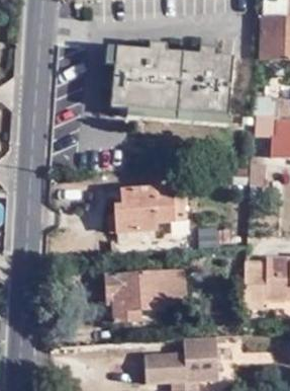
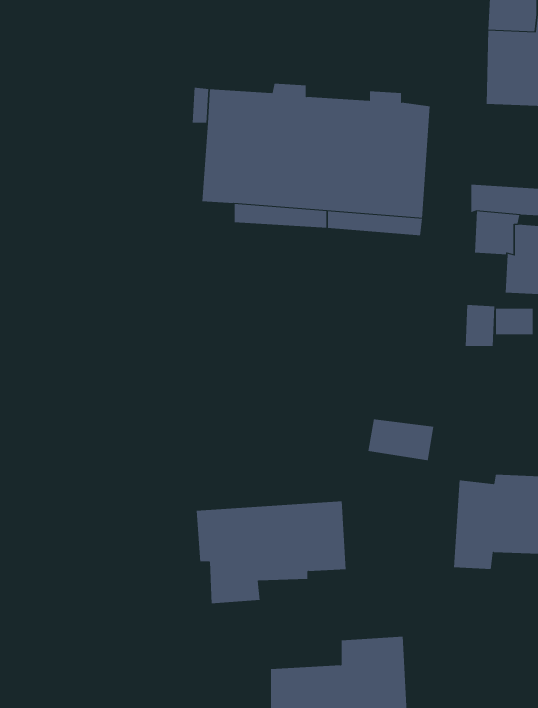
building: [114,184,187,229] -> none

